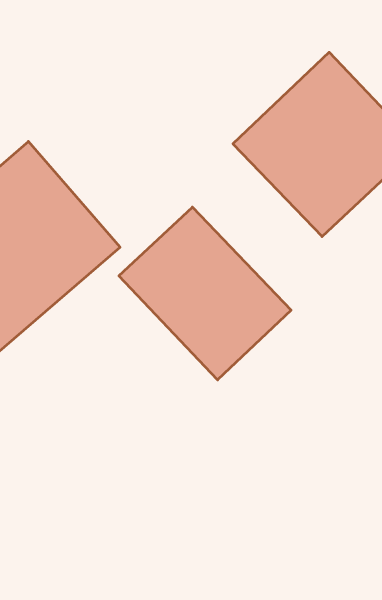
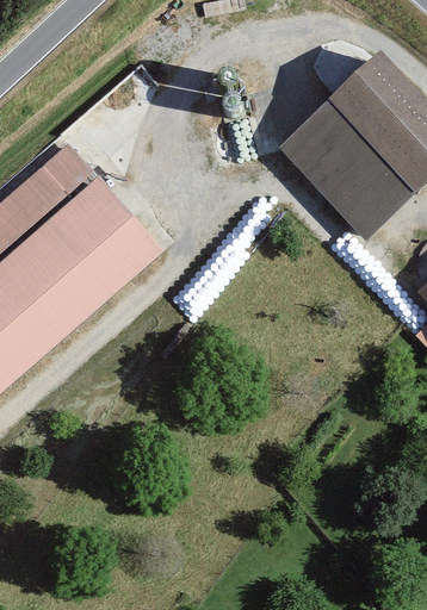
building: [119,207,291,380] -> none

